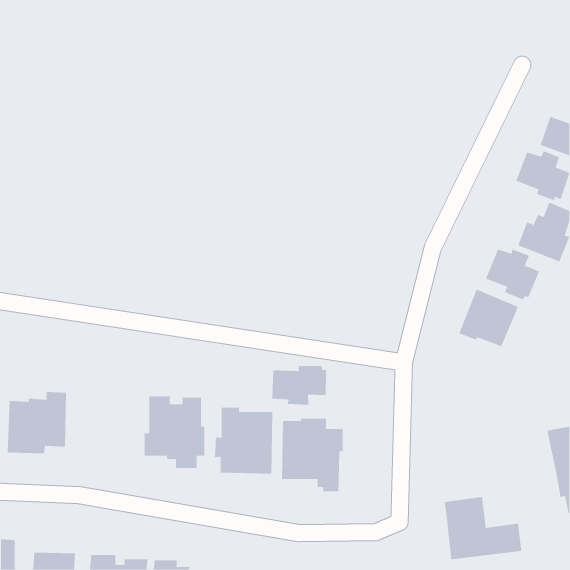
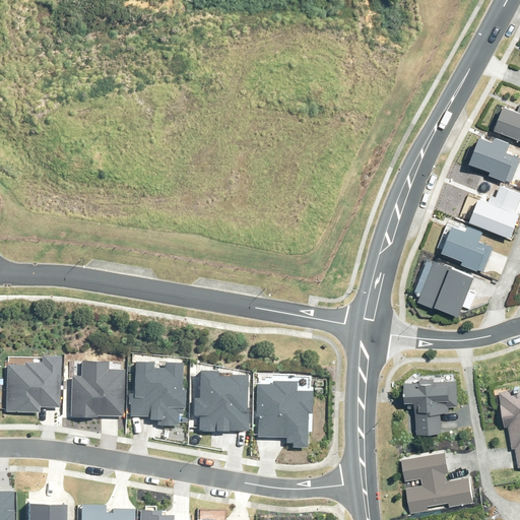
building: [272,365,327,405] -> none
building: none -> [71,361,125,418]
building: none -> [409,373,461,435]

